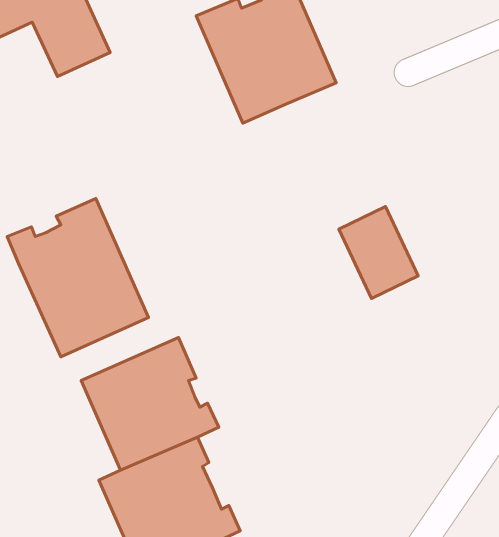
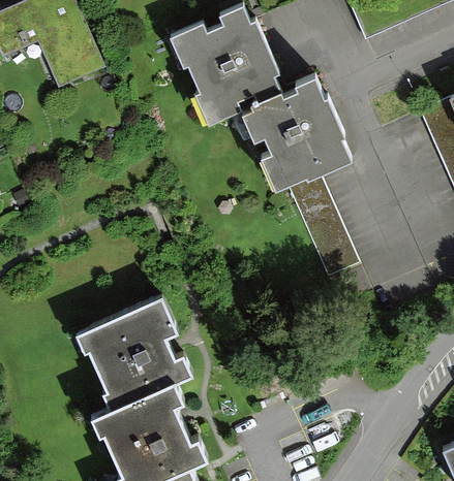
building: none -> [246,76,360,190]
building: [7,199,148,357] -> none

